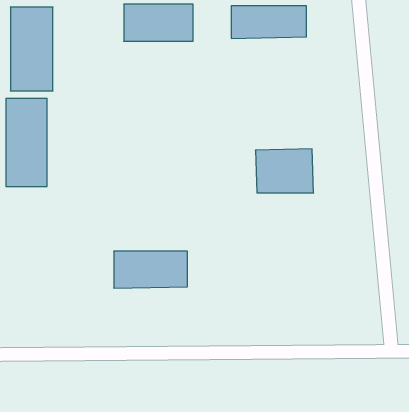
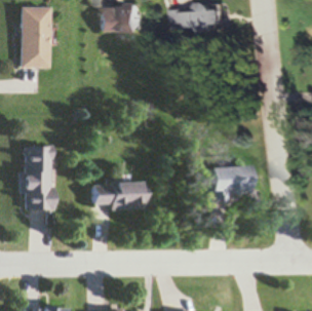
building: [6,98,47,186] -> [21,147,50,210]
building: [255,149,314,193] -> [206,167,248,199]

